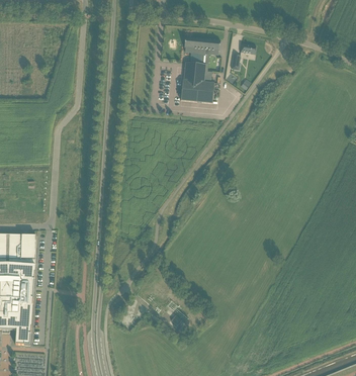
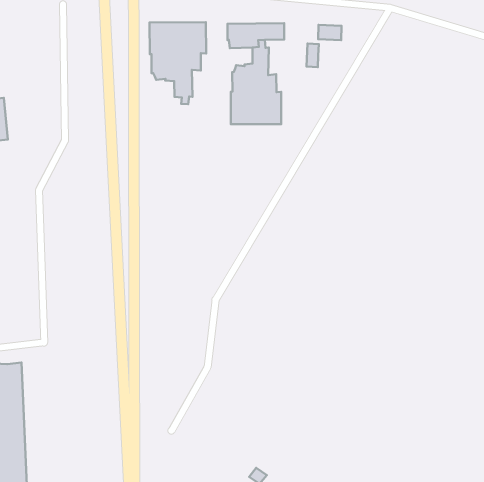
building: none -> [149,22,206,104]

